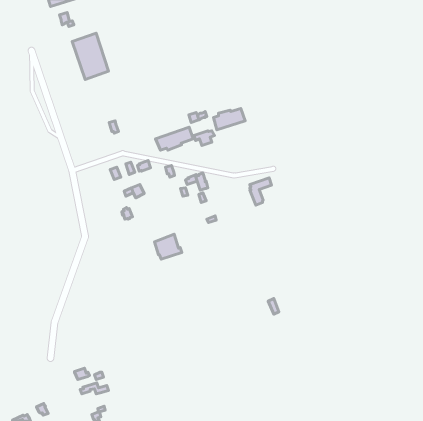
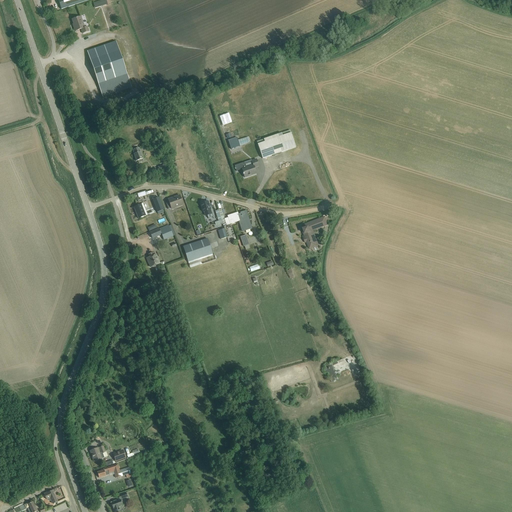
building: [156,127,193,150] -> none
building: [154,234,182,259] -> [183,237,216,267]

